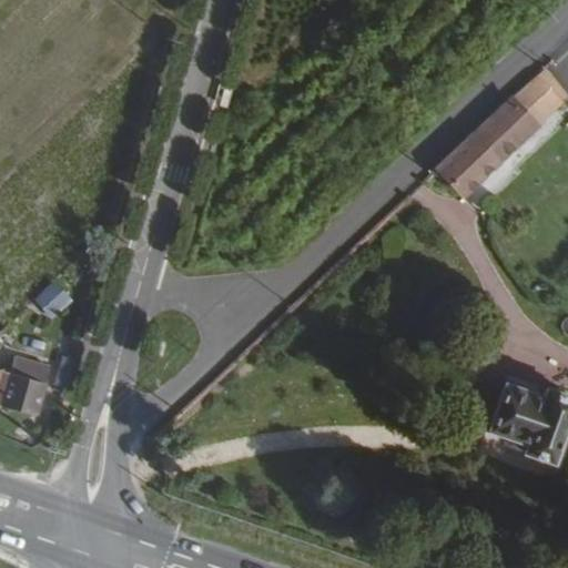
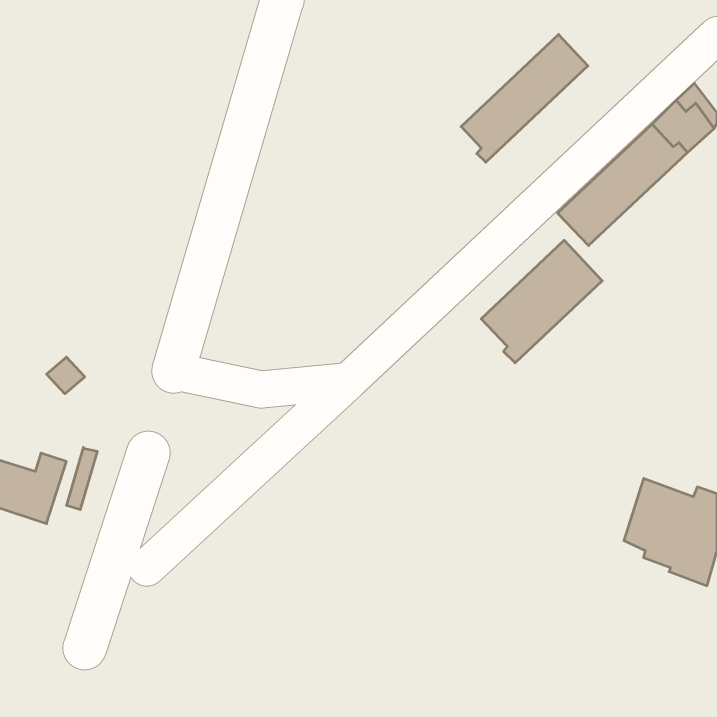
building: none -> [461,34,588,162]
building: none -> [481,240,602,363]

